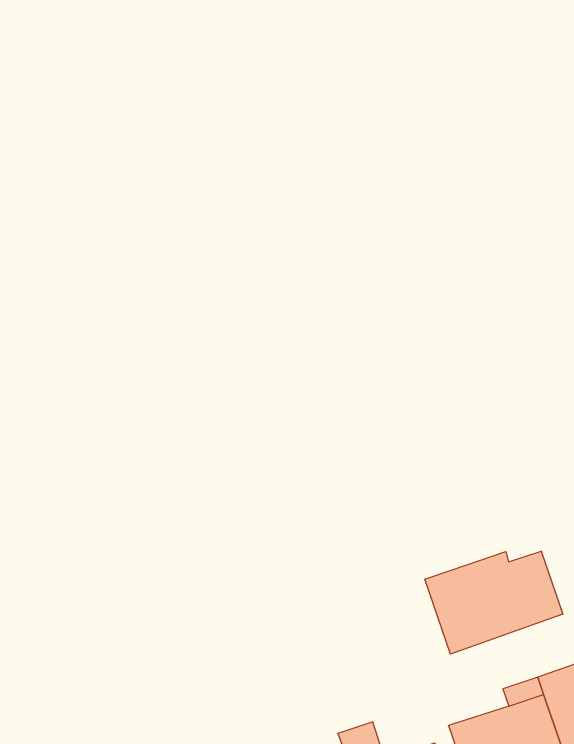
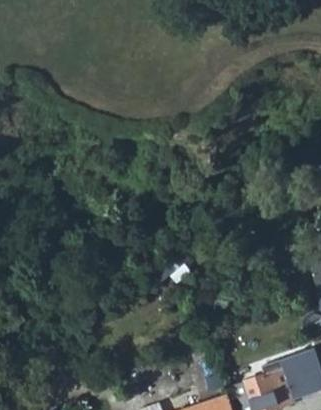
building: [425,551,563,654] -> none

